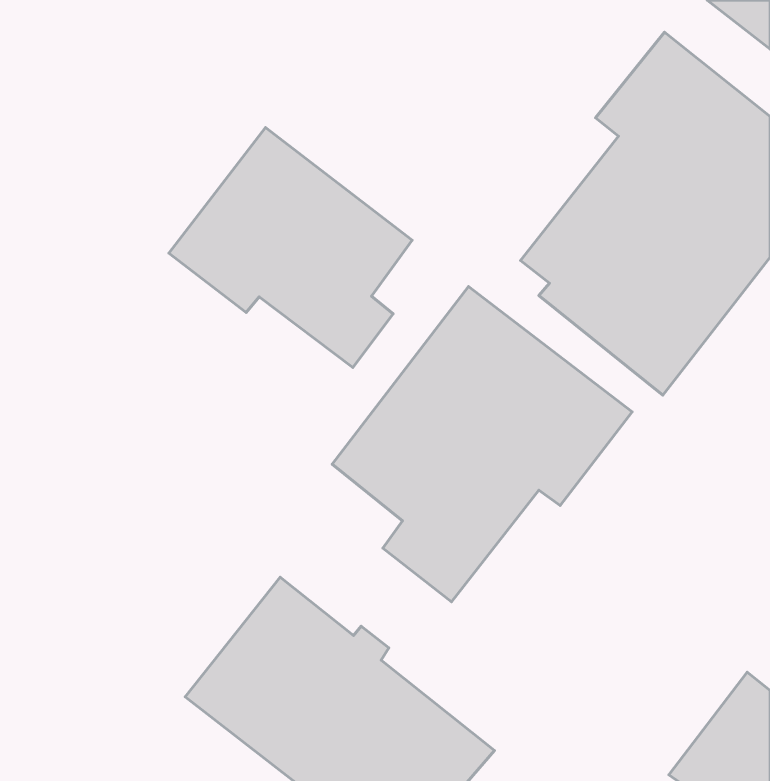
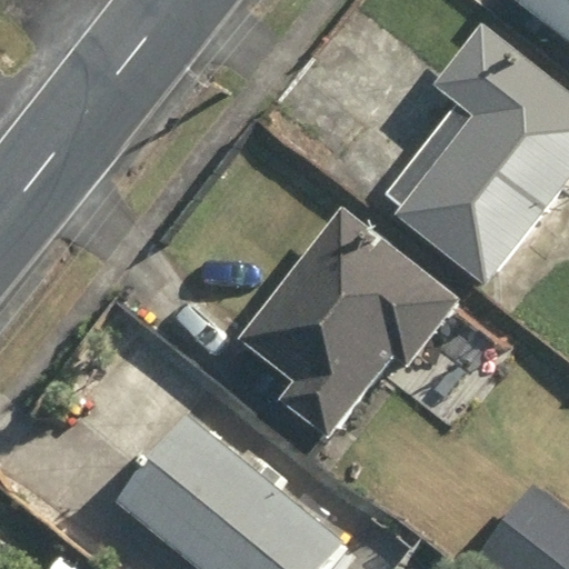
building: [169,127,412,367] -> none

